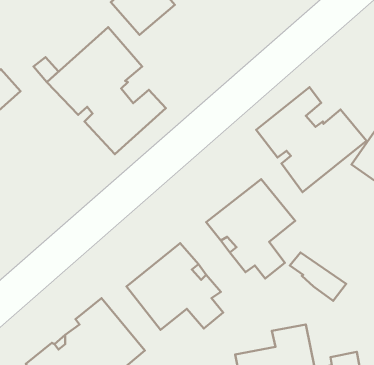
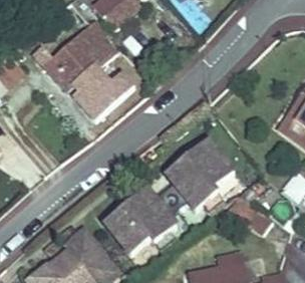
building: [256,87,367,192] -> none

